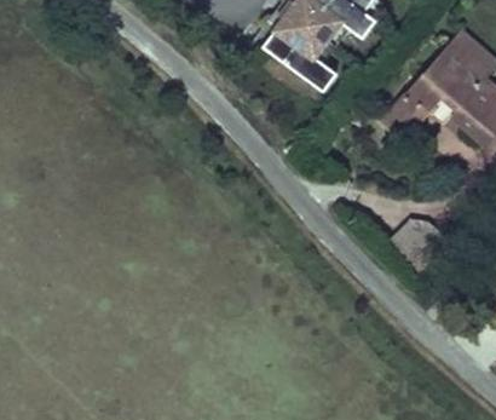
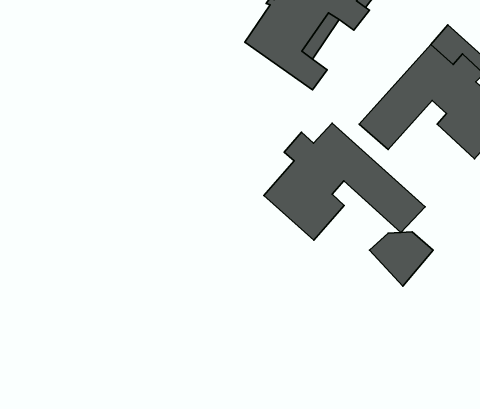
building: none -> [264,123,425,240]

